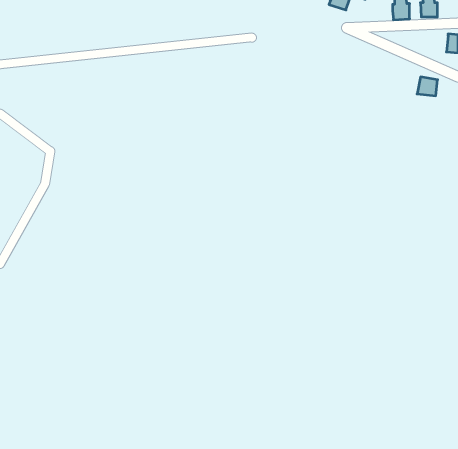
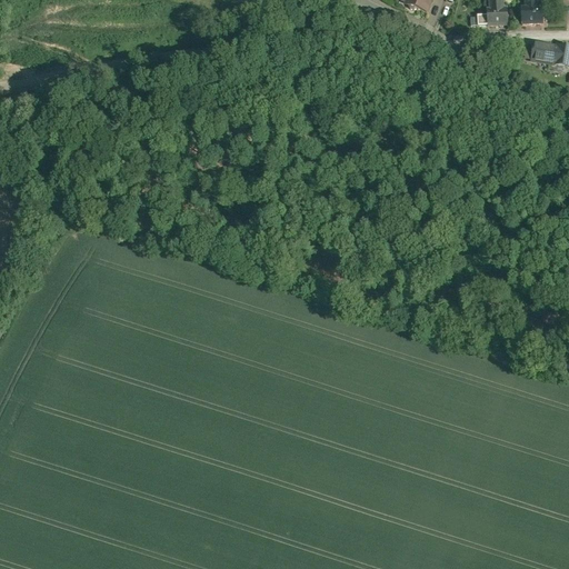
building: [417,77,438,96] -> [530,41,556,64]

